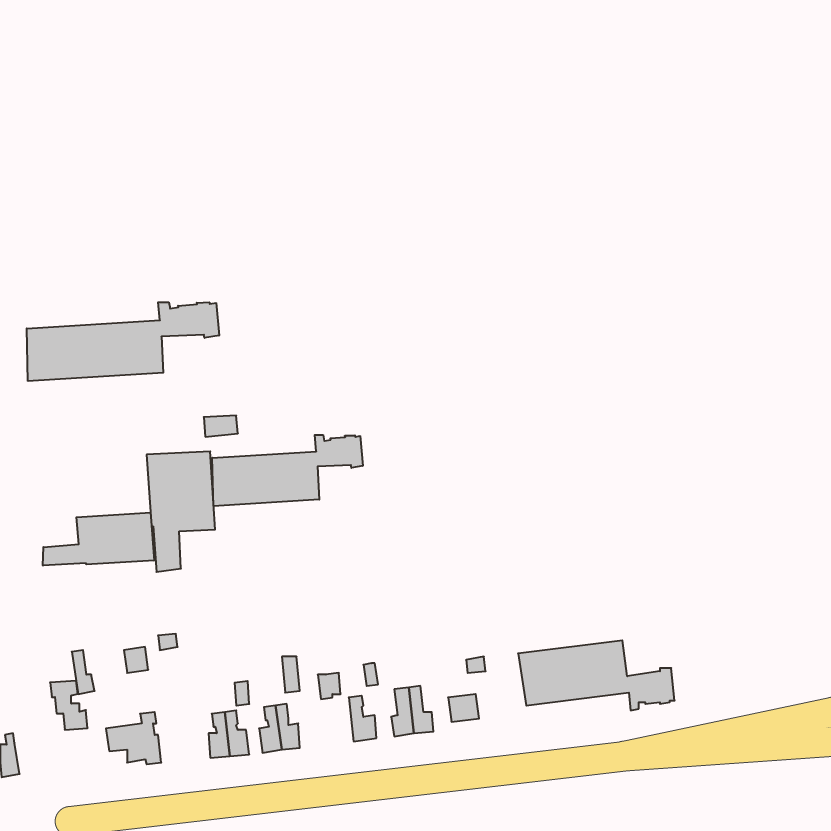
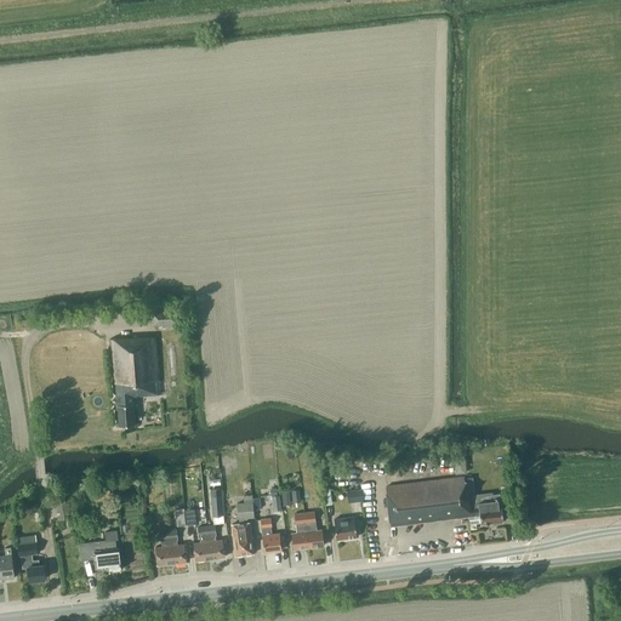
building: [27,302,219,381] -> none
building: [212,435,363,506] -> none
building: [43,513,154,566] -> none
building: [50,681,88,730] -> [18,542,46,579]
building: none -> [230,522,253,556]

